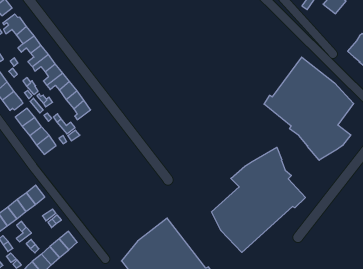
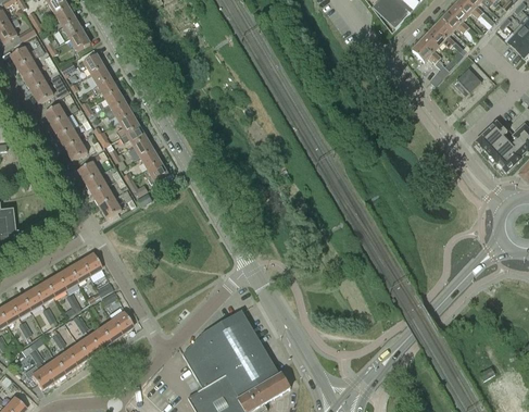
building: [264,57,354,160] -> none
building: [212,147,305,252] -> none

